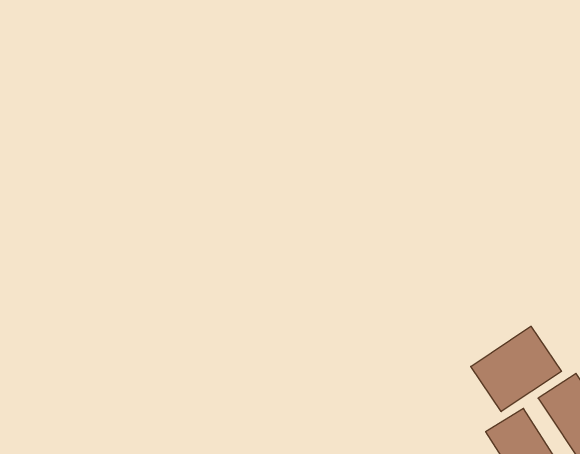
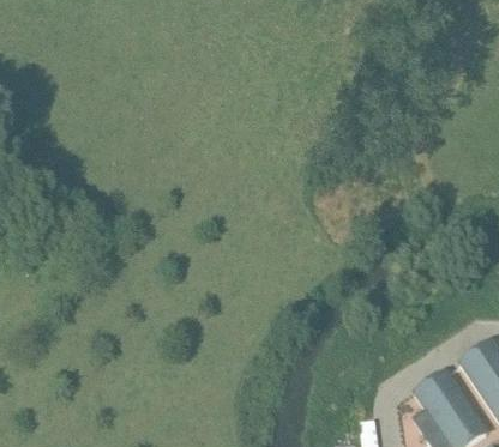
building: [471,326,561,412] -> none

